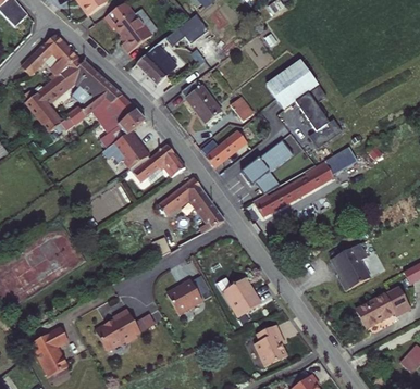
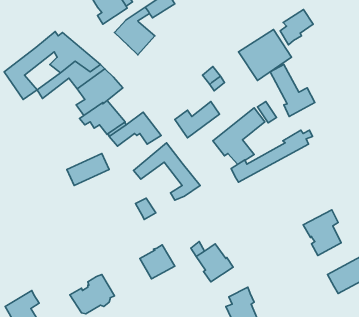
building: [28,38,77,77] -> none
building: none -> [280,9,313,45]
building: [183,76,224,121] -> none

